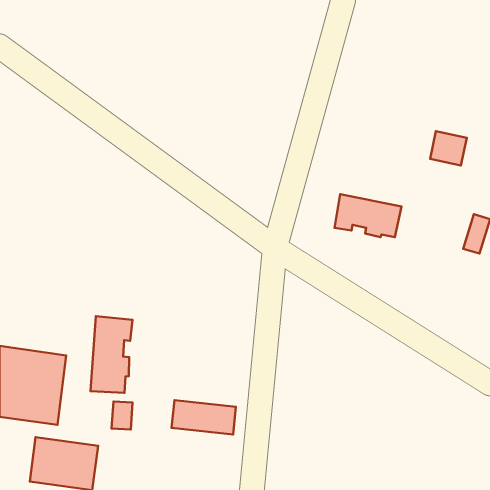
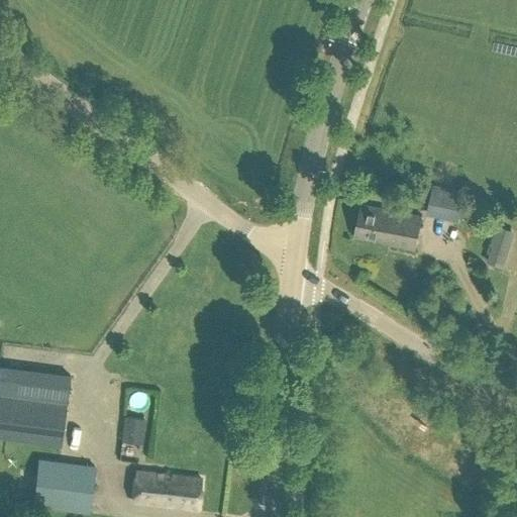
building: [430,131,467,166] -> [426,187,464,223]
building: [90,316,132,393] -> none
building: [172,400,236,435] -> [131,471,199,507]

